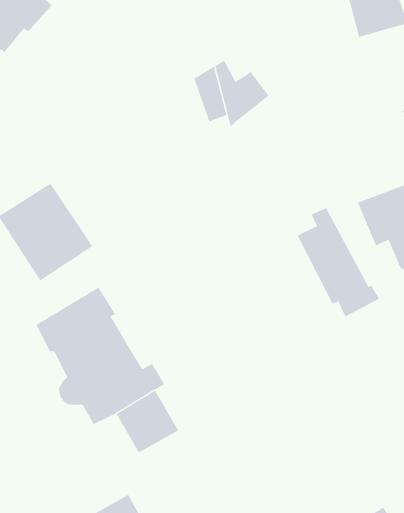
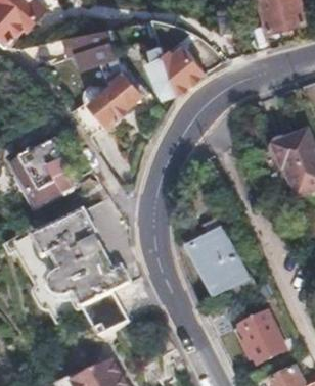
building: none -> [63,26,145,120]
building: [297,207,380,317] -> [191,223,252,302]
building: none -> [242,318,279,359]

